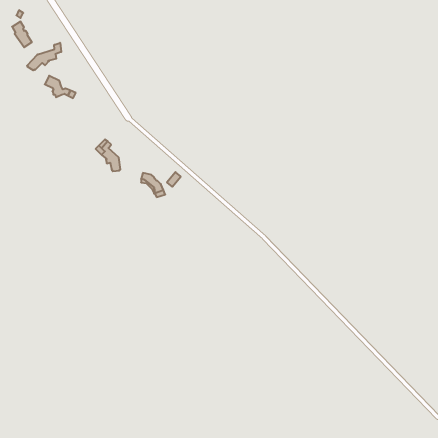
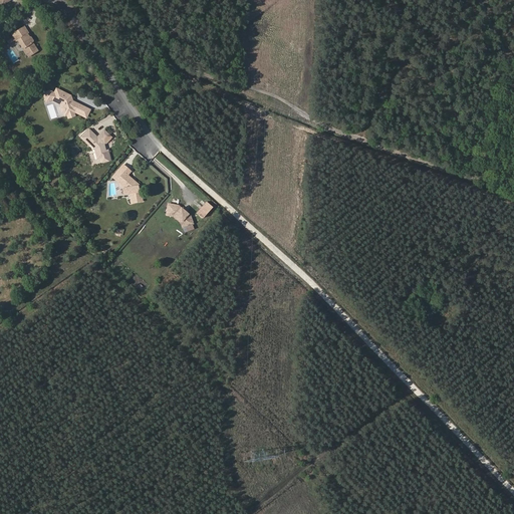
building: [27,43,61,70] -> none
building: none -> [85,130,116,162]

